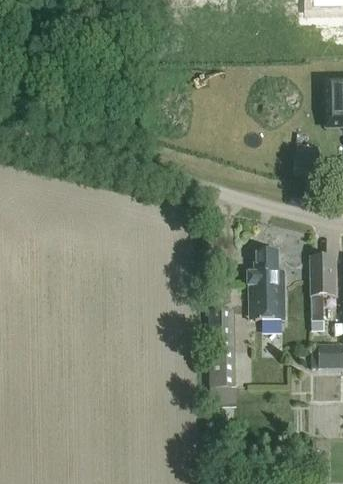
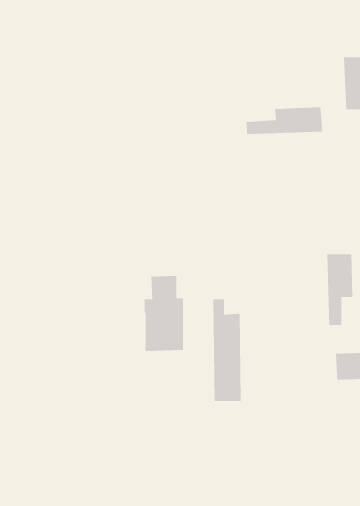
building: none -> [246,107,323,135]
building: [248,252,284,320] -> [144,275,184,351]

